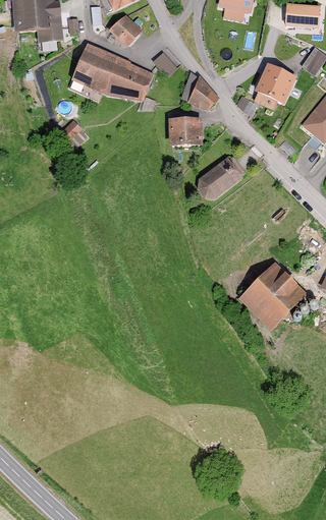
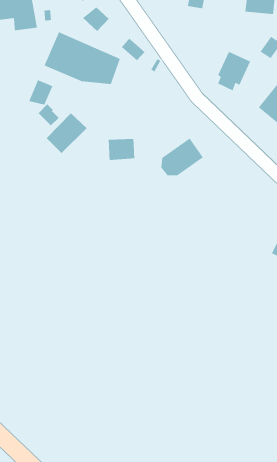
building: [186,76,220,112] -> none
building: none -> [28,79,53,105]
building: [172,118,202,142] -> [108,138,135,161]
building: none -> [46,113,87,154]
building: [242,269,298,326] -> none

